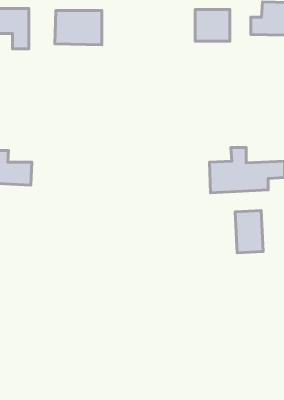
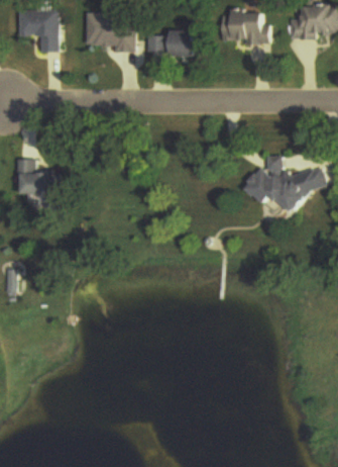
building: none -> [143,29,197,56]
building: [235,210,263,253] -> none

